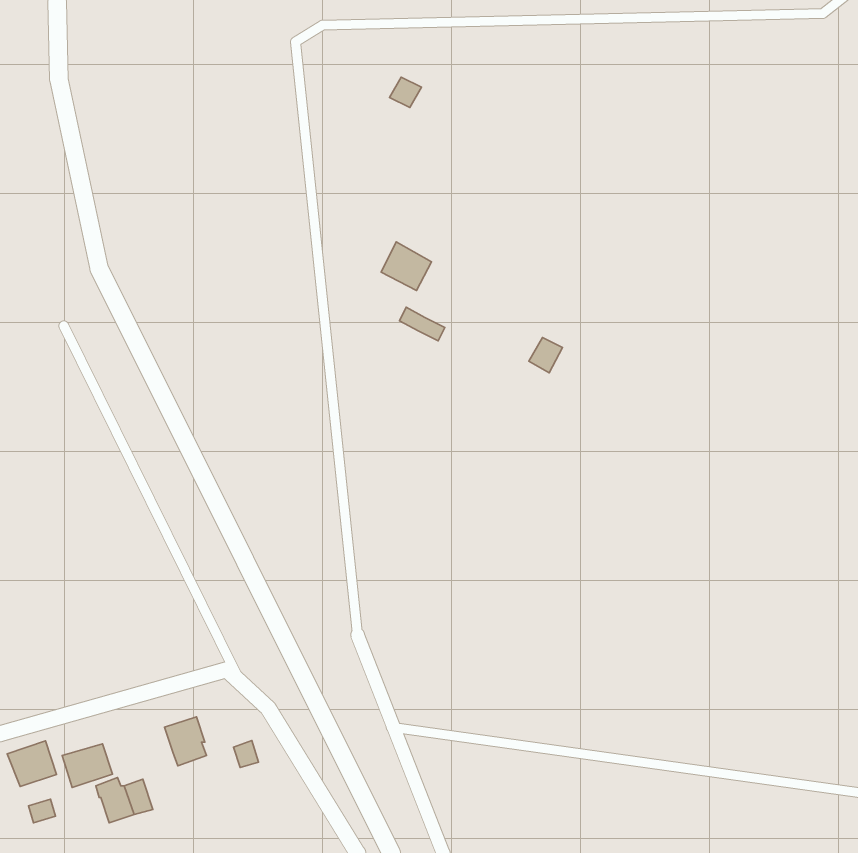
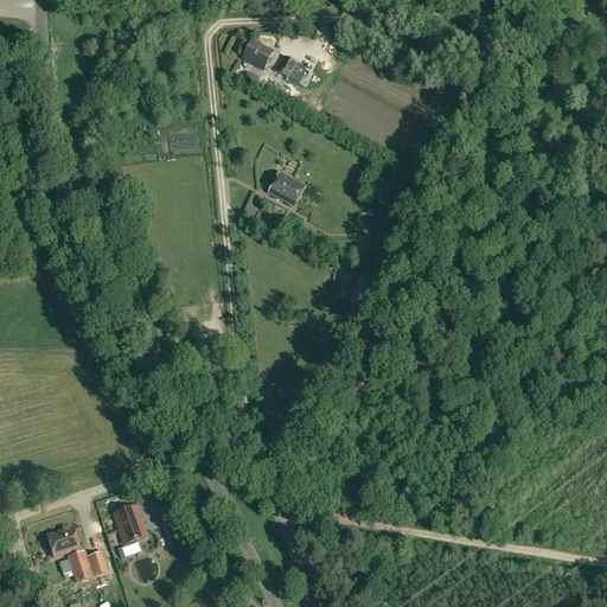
building: none -> [242,38,274,68]
building: [7,741,57,787] -> none

